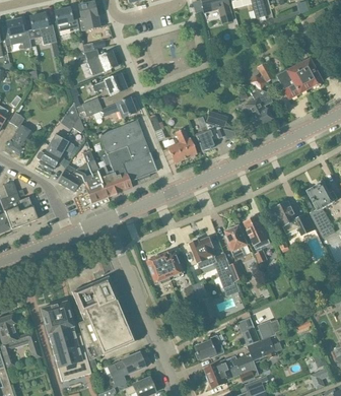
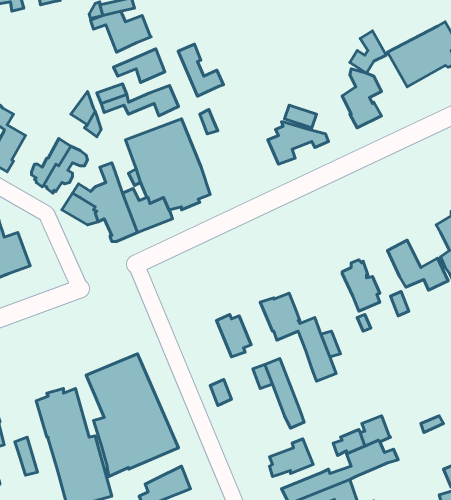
building: none -> [178,44,223,96]
building: [167,128,196,162] -> none
building: [226,223,248,258] -> none
building: [149,255,170,283] -> none

